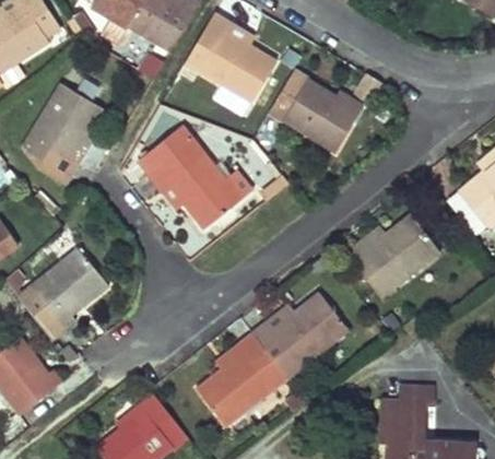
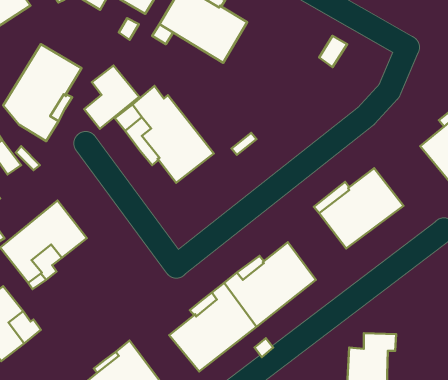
building: [270,69,364,152] -> none
building: none -> [84,65,139,129]

